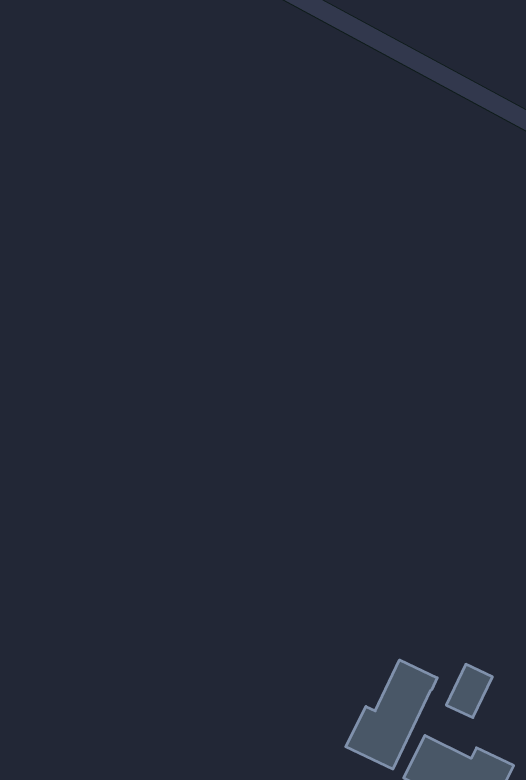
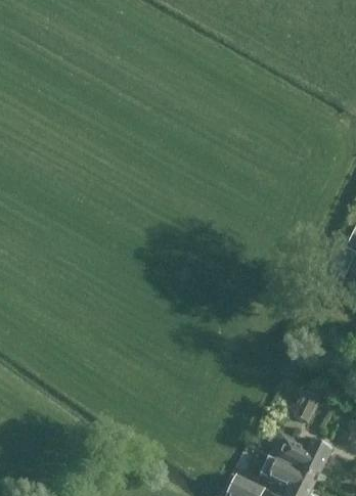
building: [346,660,437,769] -> none

